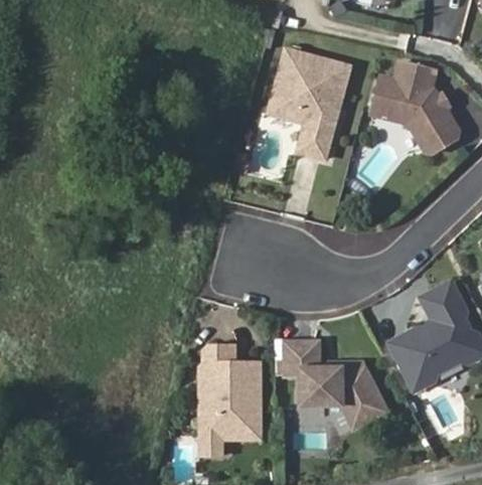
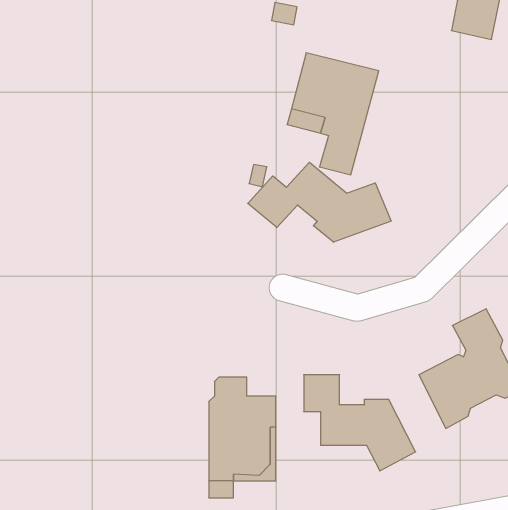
building: [374,61,460,152] -> none
building: none -> [248,162,391,242]

